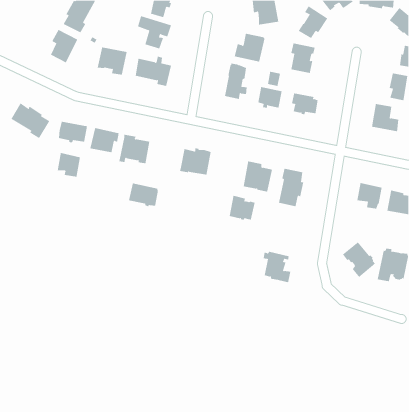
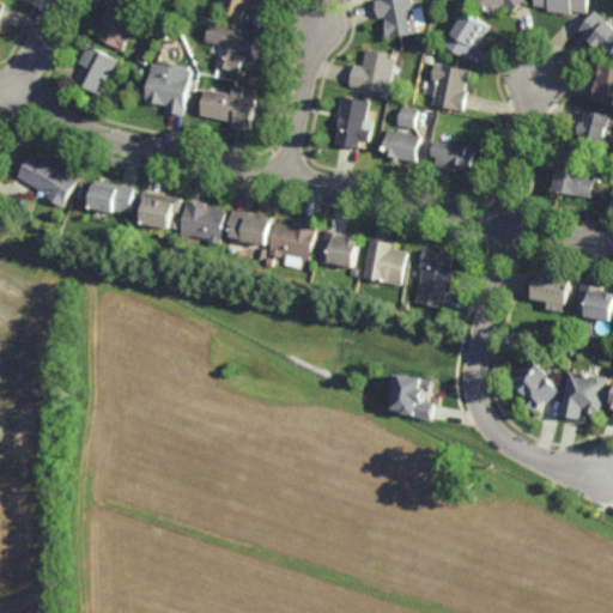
building: [57,152,81,178] -> none
building: [128,183,159,207] -> [224,210,269,245]
building: [229,195,256,220] -> [316,230,356,267]

